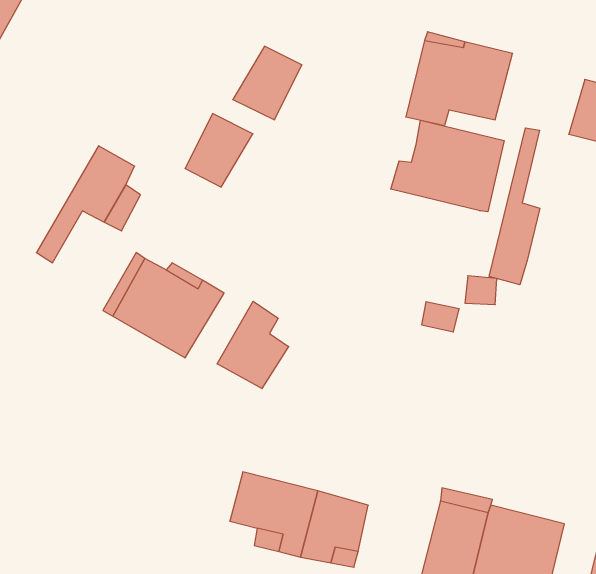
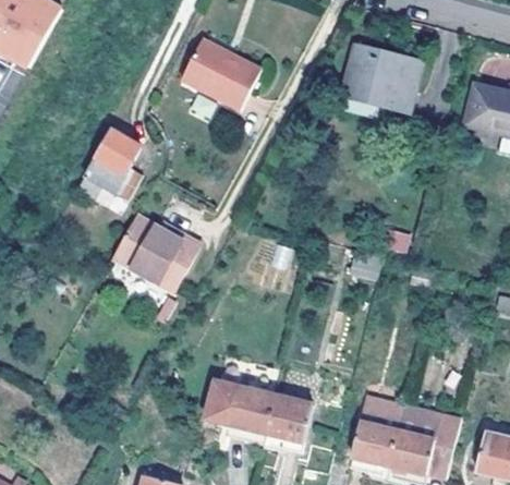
building: [185,114,253,187] -> [183,40,234,96]
building: [391,120,504,212] -> none
building: [489,128,540,285] -> none
building: [217,301,289,389] -> none

